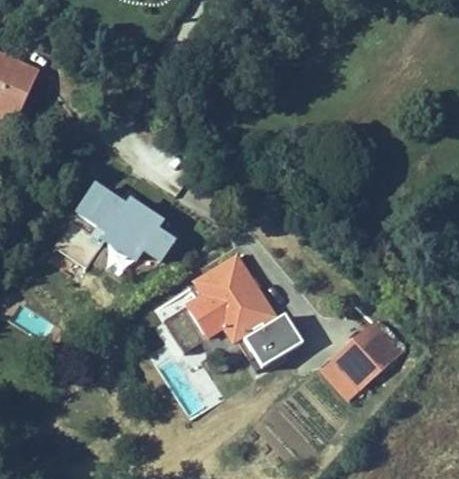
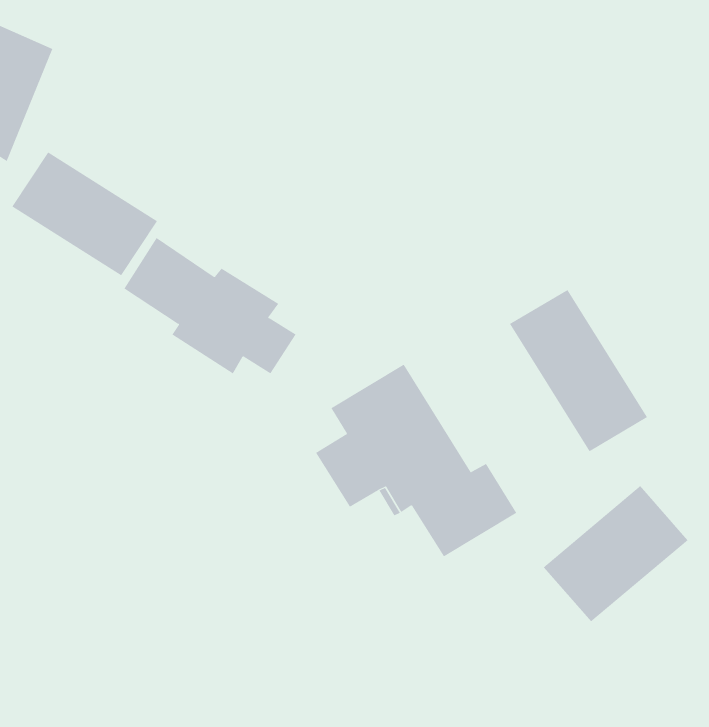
building: none -> [11,151,158,276]
building: none -> [509,289,648,452]

